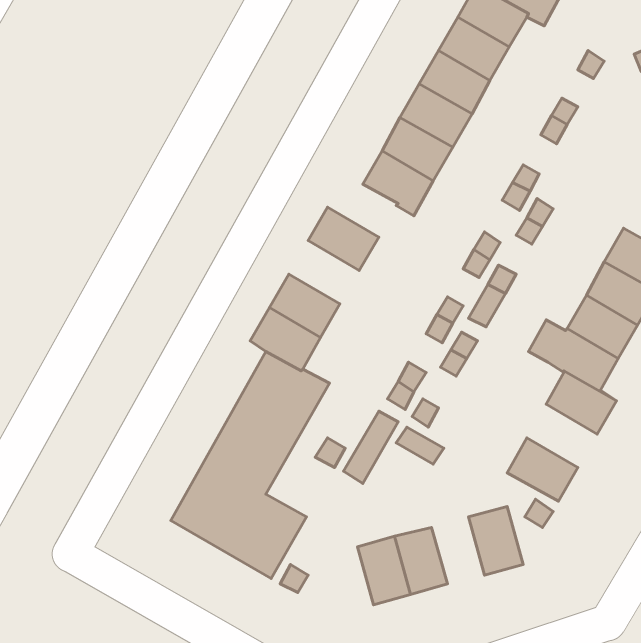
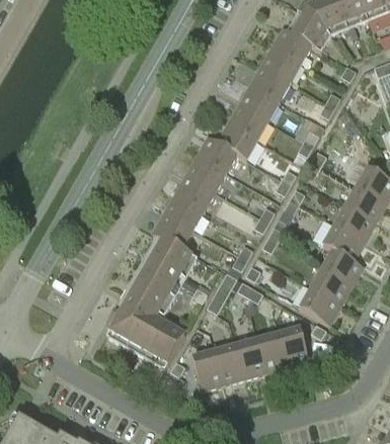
building: none -> [197,136,237,172]
building: none -> [174,174,215,210]
building: none -> [311,268,352,304]
building: none -> [256,333,287,371]
building: none -> [192,350,223,389]

